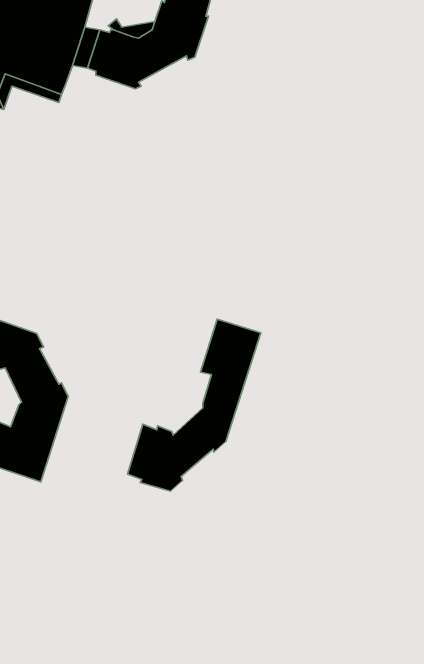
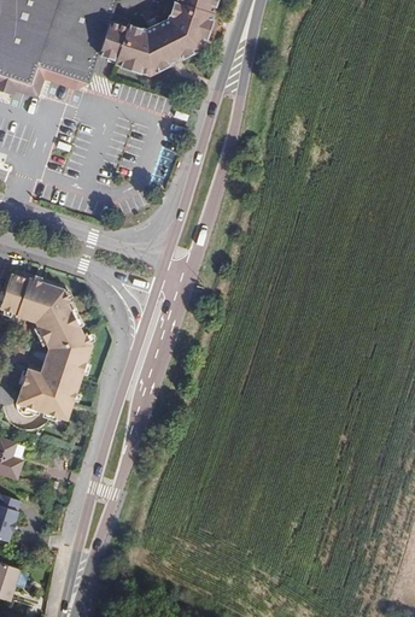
building: [128,319,261,491] -> none

